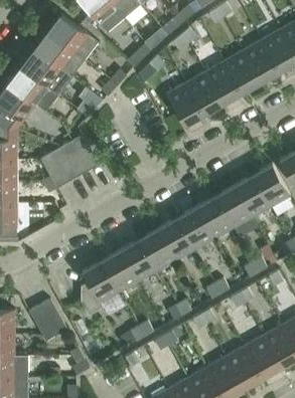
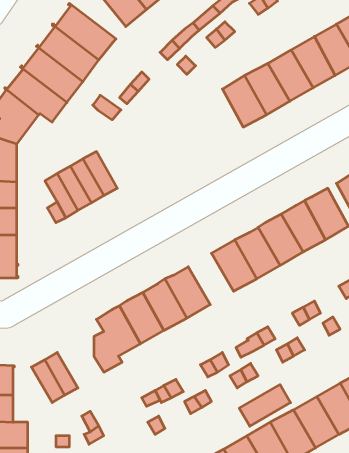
building: [166,83,202,126] -> none
building: [157,218,194,260] -> none
building: none -> [239,385,291,426]

